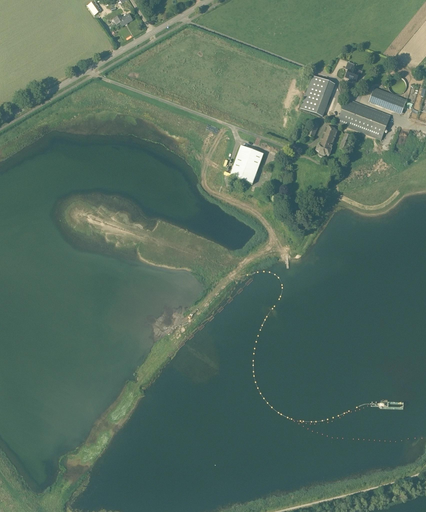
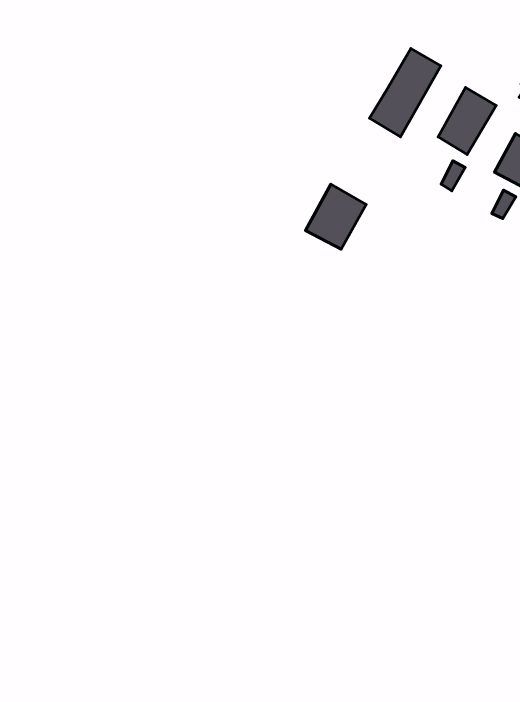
building: none -> [369,49,441,137]
building: [316,124,339,155] -> none

